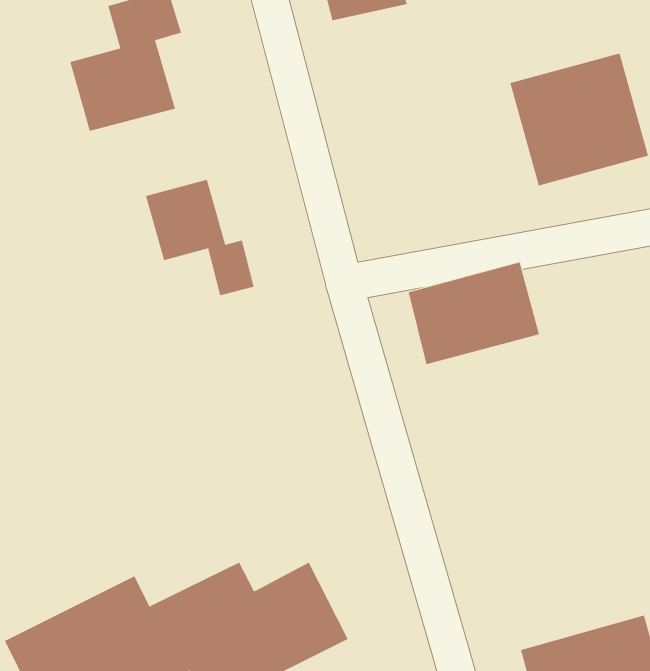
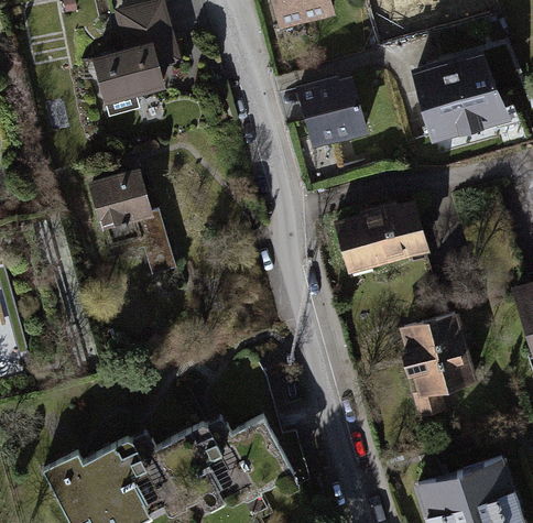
building: none -> [298,75,365,144]
building: [145,179,255,296] -> [89,172,168,257]
building: none -> [400,313,474,396]

